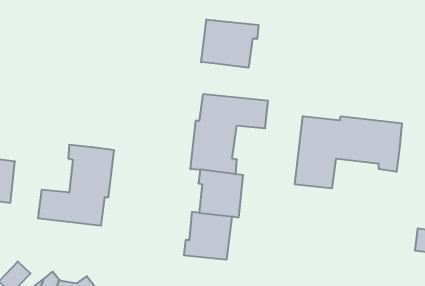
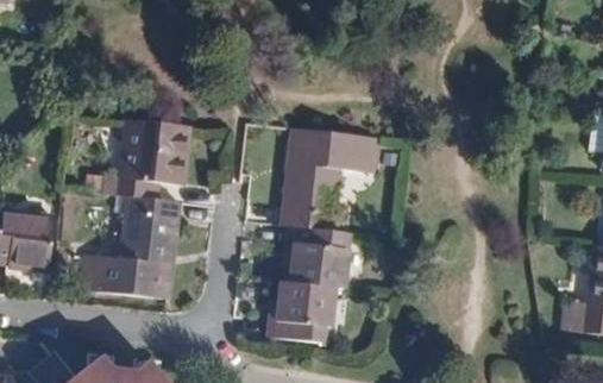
building: [201,19,258,68] -> none
building: none -> [102,117,189,196]
building: [295,116,402,188] -> none

